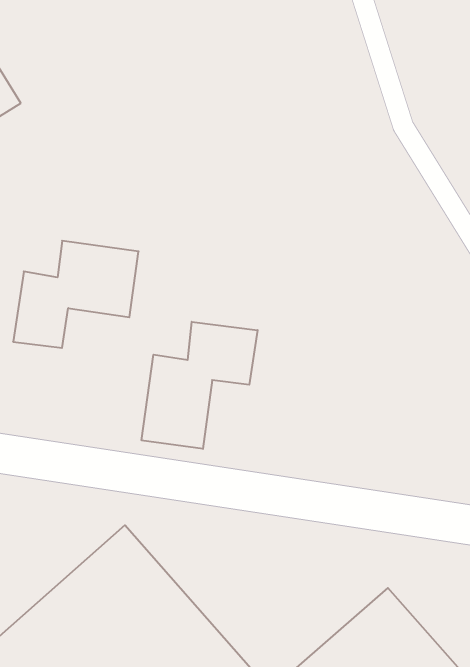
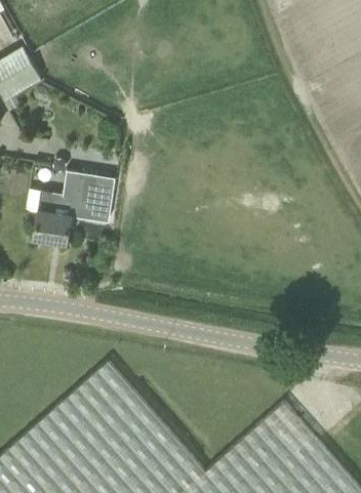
building: [142,322,258,449] -> none

